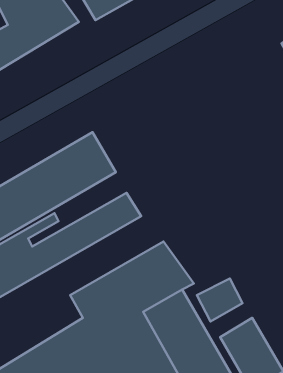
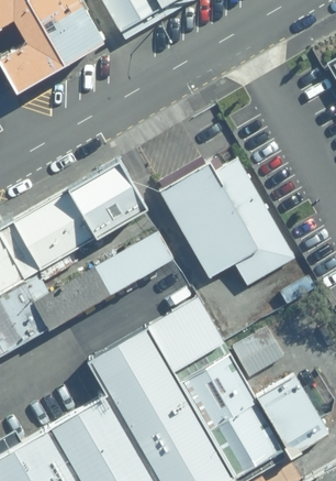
building: none -> [157,158,298,288]

